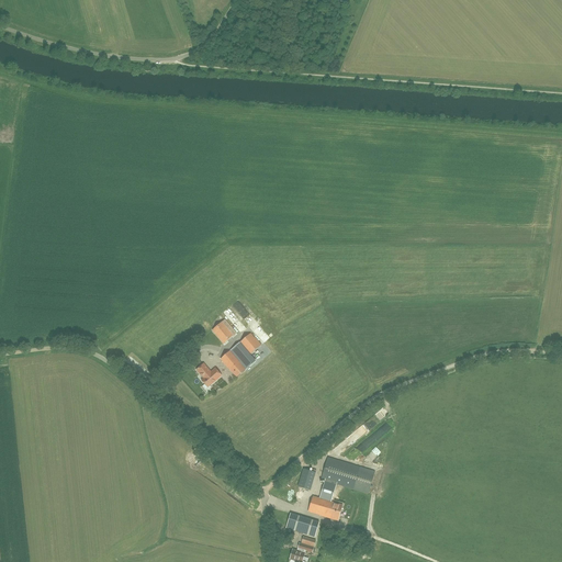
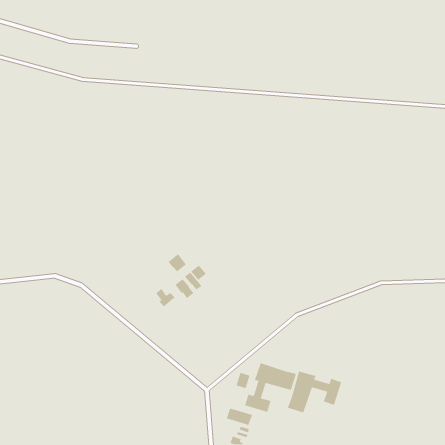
building: none -> [287,371,342,413]

